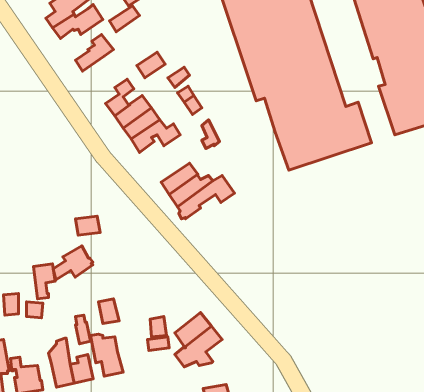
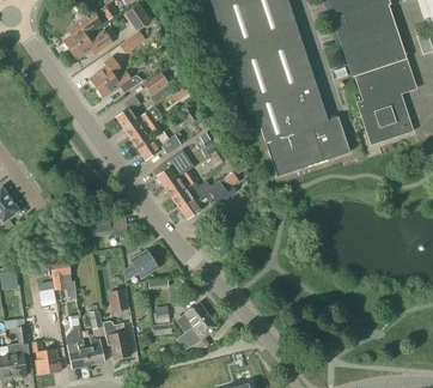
building: none -> [94,71,136,98]
building: none -> [154,150,193,187]
building: [53,246,93,280] -> [123,250,158,280]

